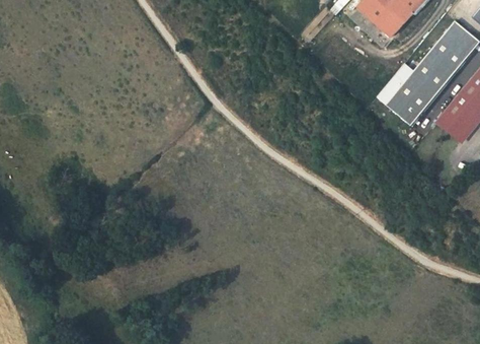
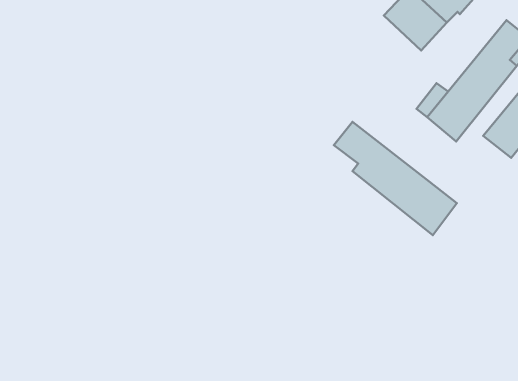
building: none -> [334,122,457,235]

